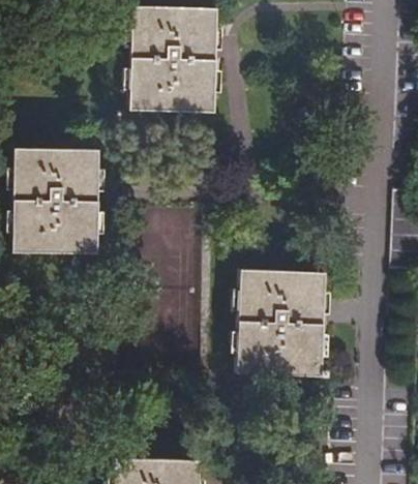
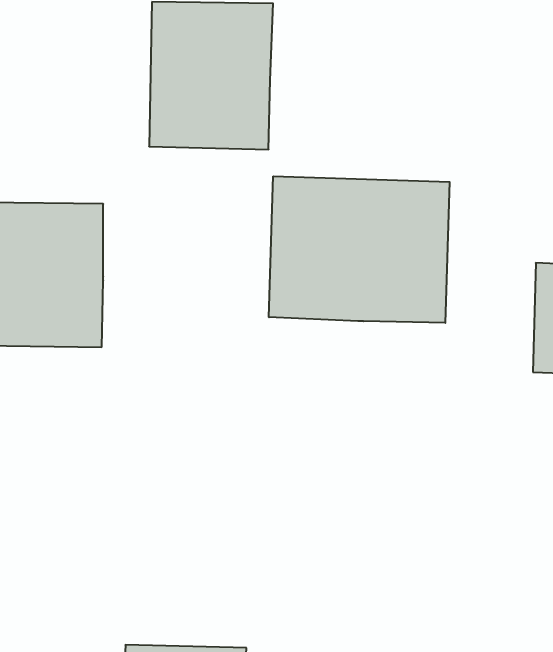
building: none -> [269,176,450,323]
building: [237,272,324,376] -> none

